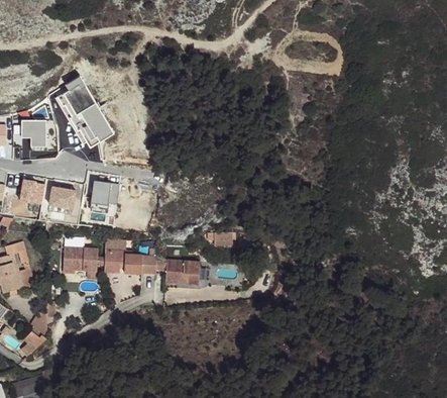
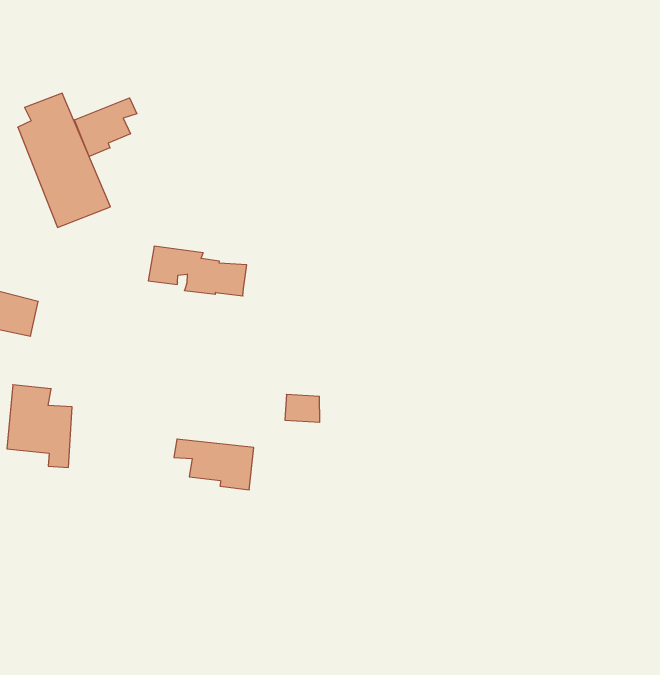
building: none -> [75,98,137,157]
building: [88,180,119,205] -> none
building: [103,251,156,275] -> [148,246,247,296]

